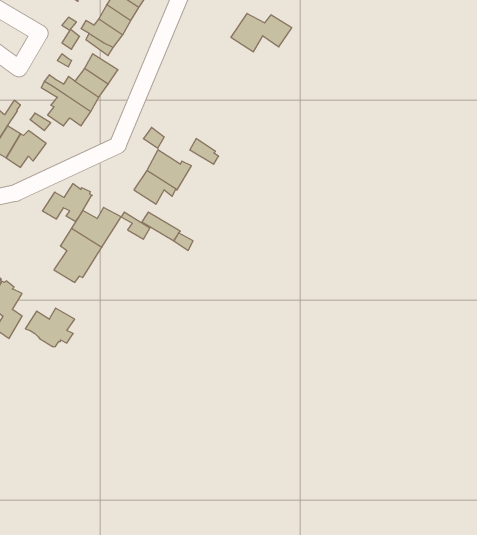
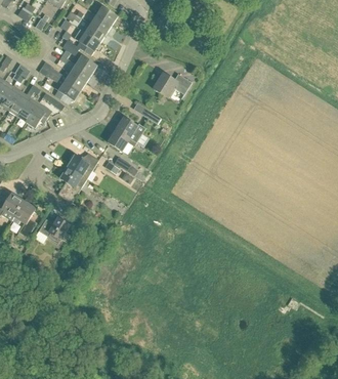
building: [231,13,292,52] -> [153,73,192,97]
building: [42,184,92,221] -> none

